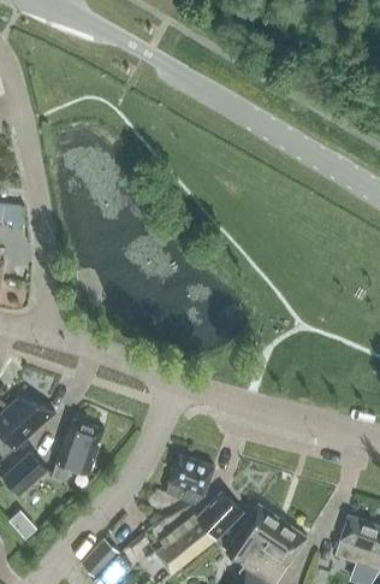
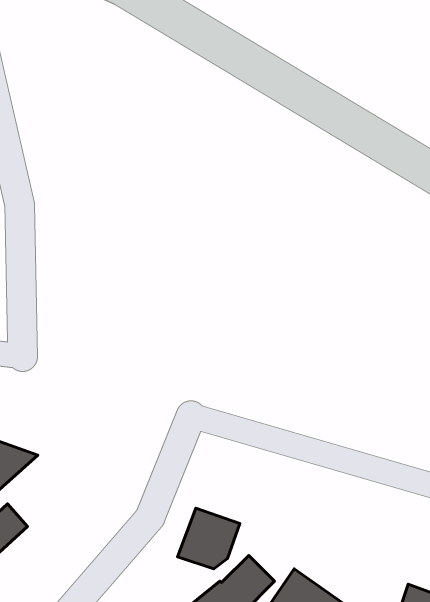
building: [52,419,103,482] -> none

